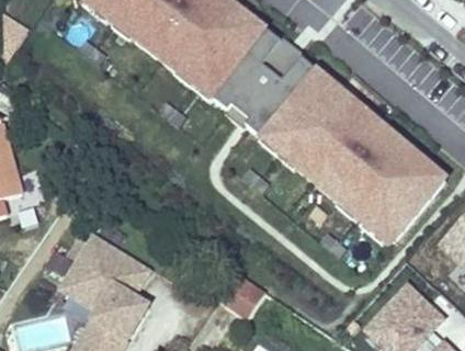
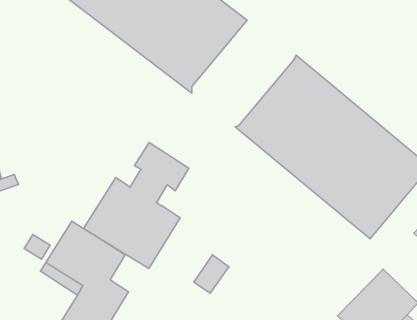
building: [215,31,318,137] -> none
building: none -> [83,143,189,268]

